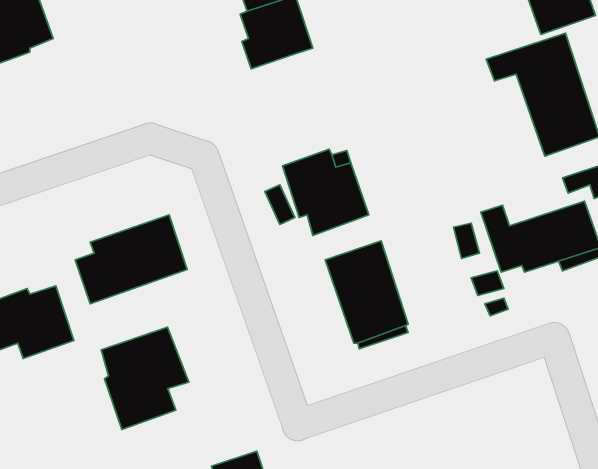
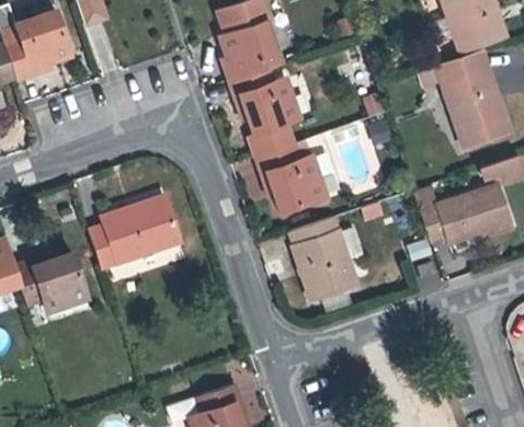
building: none -> [230,67,298,157]
building: [101,327,189,429] -> none

